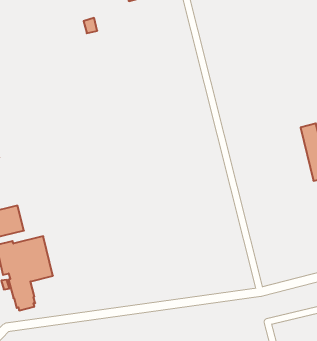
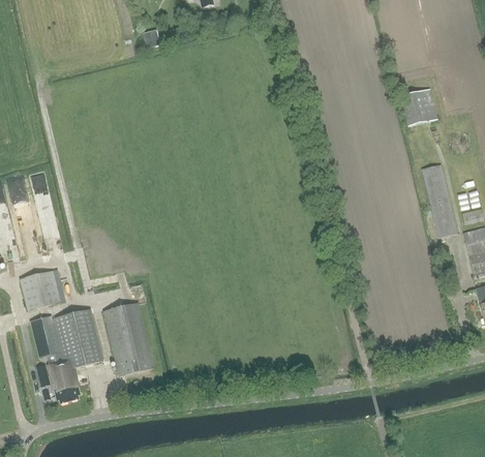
building: none -> [399,88,437,125]
building: none -> [103,302,154,375]

